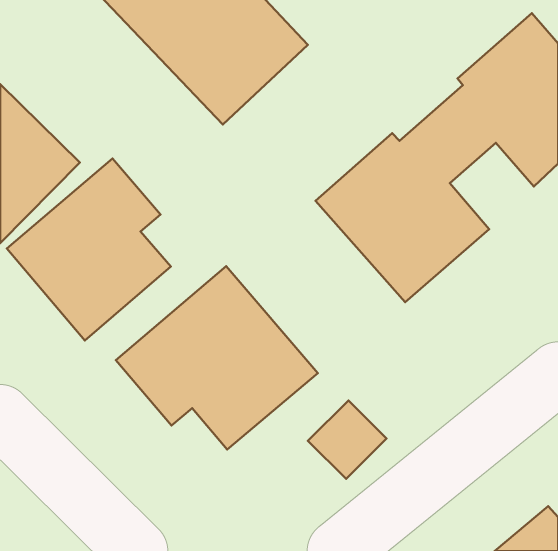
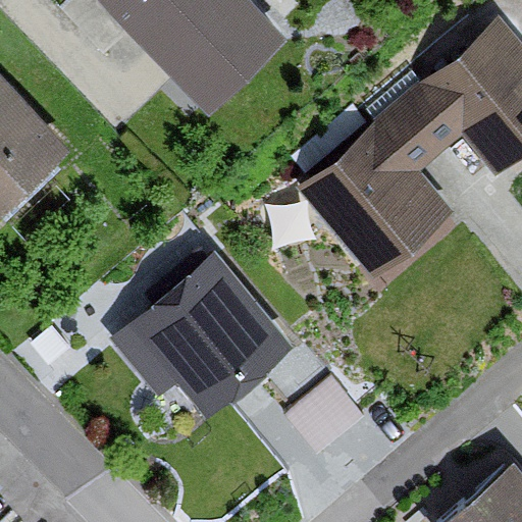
building: [7,159,171,341] -> none

